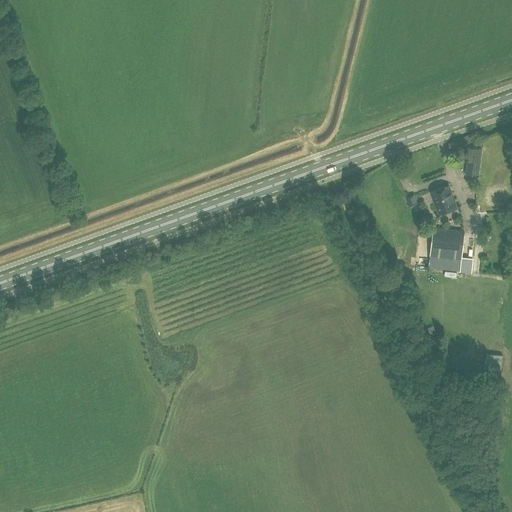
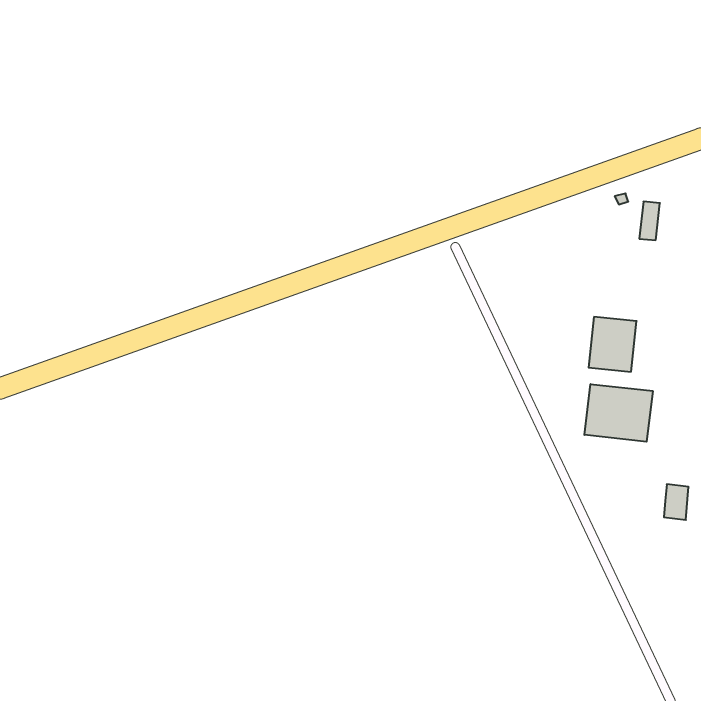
building: [431,185,457,214] -> none
building: none -> [584,384,653,442]

